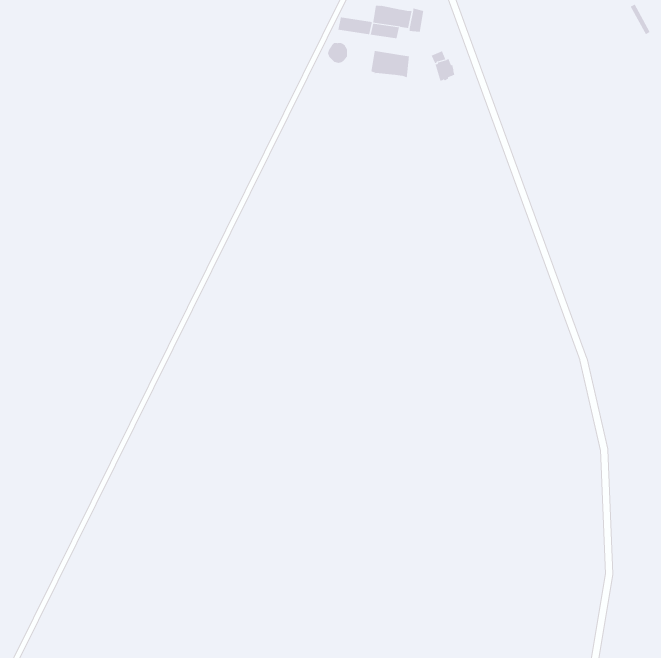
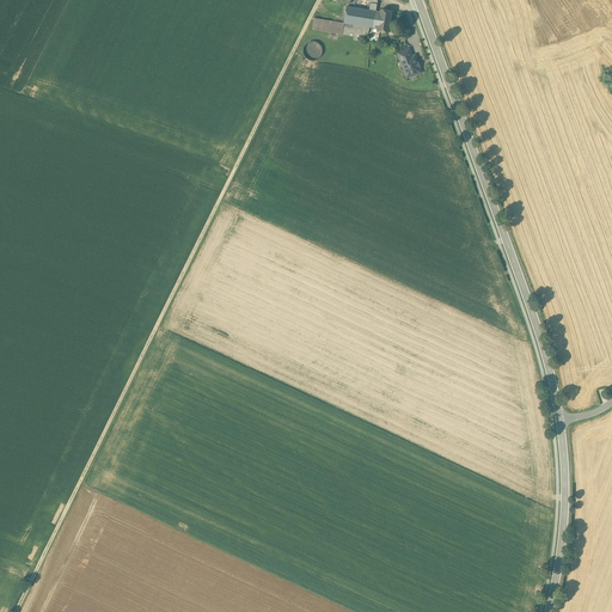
building: [371,50,410,78] -> none

